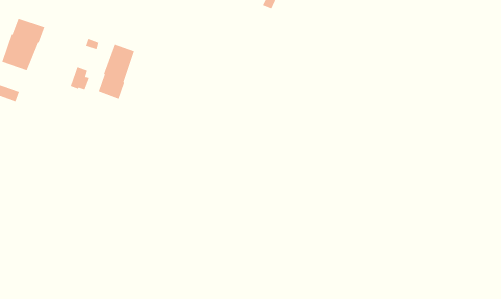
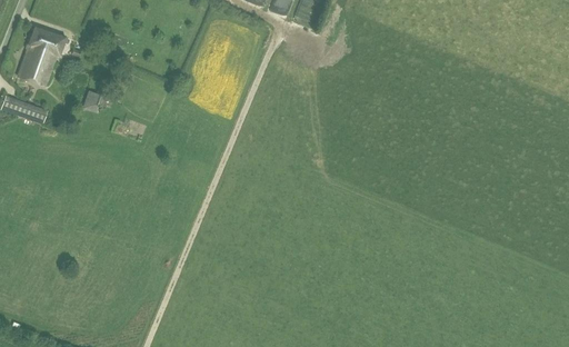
building: [98,43,135,100] -> none

